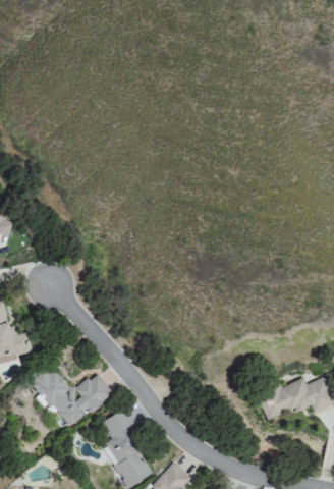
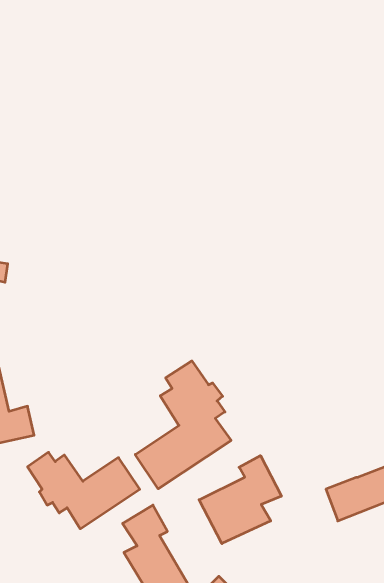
building: none -> [135,361,231,489]
building: none -> [199,456,281,544]

